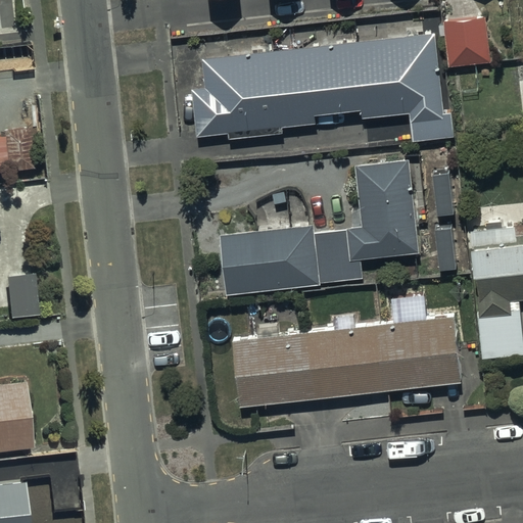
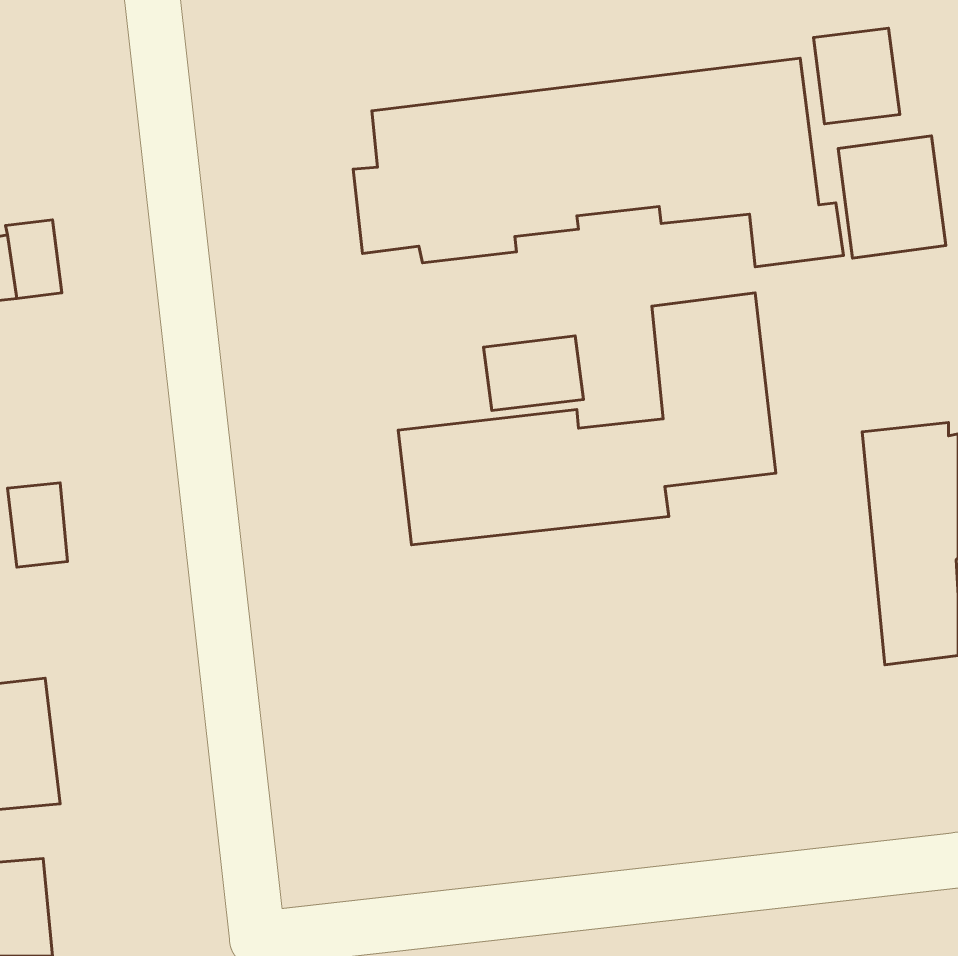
building: none -> [838,136,946,258]
building: none -> [484,336,584,411]
building: [232,312,462,411] -> none

